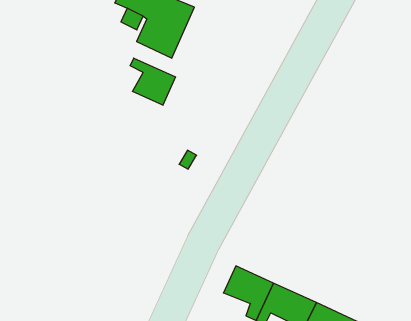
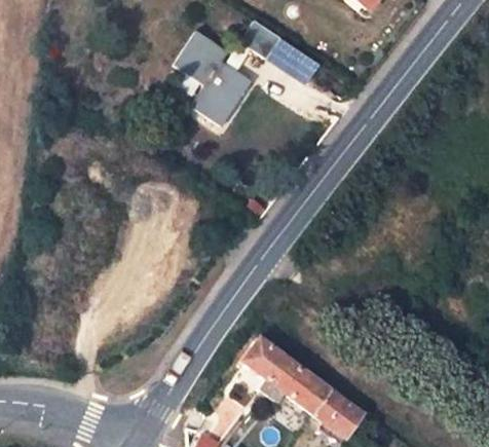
building: [130,58,176,105] -> none

